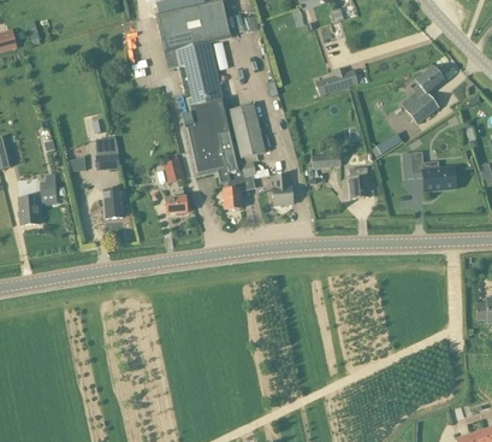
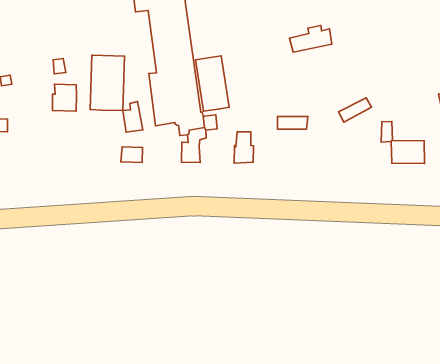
building: [403,66,445,124] -> none
building: none -> [90,55,125,110]
building: [350,167,371,198] -> none
building: [105,189,125,218] -> none

